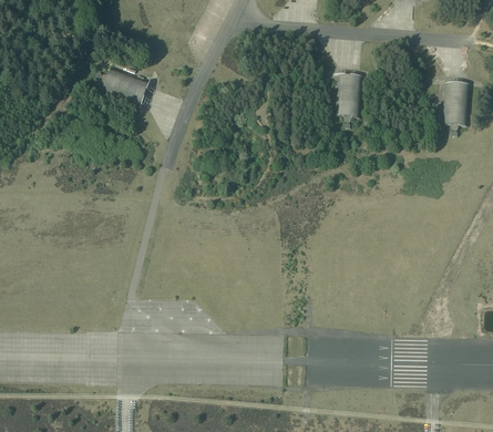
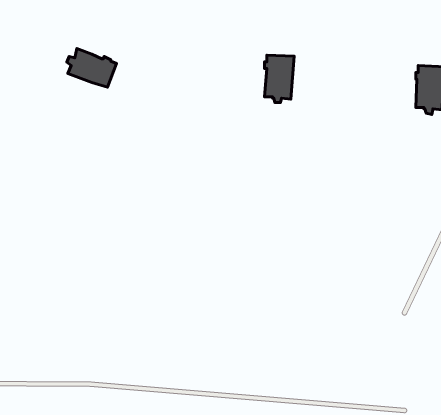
building: [333,75,362,122] -> [265,55,294,103]

